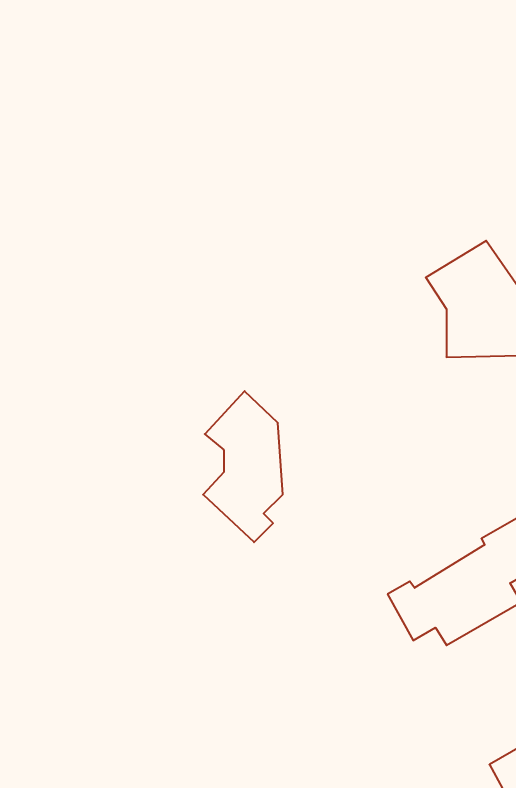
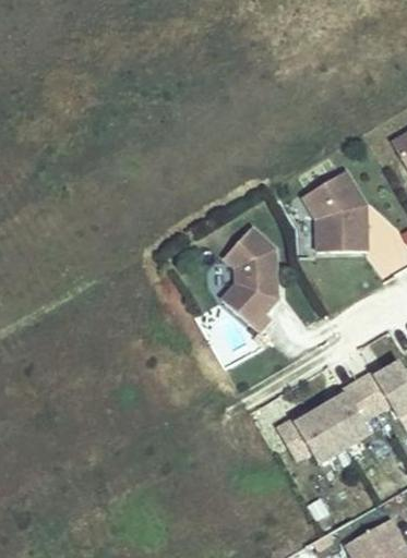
building: [203,391,283,542] -> [225,235,279,339]

